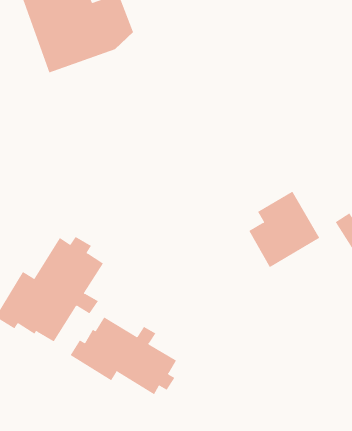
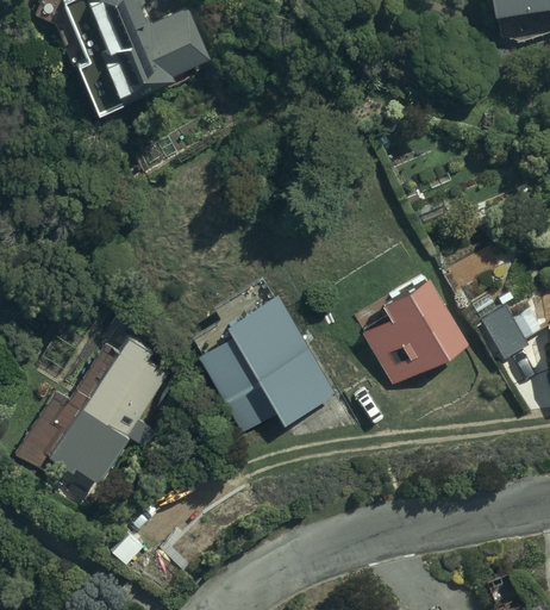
building: none -> [193,276,338,429]
building: [70,317,177,395] -> none

